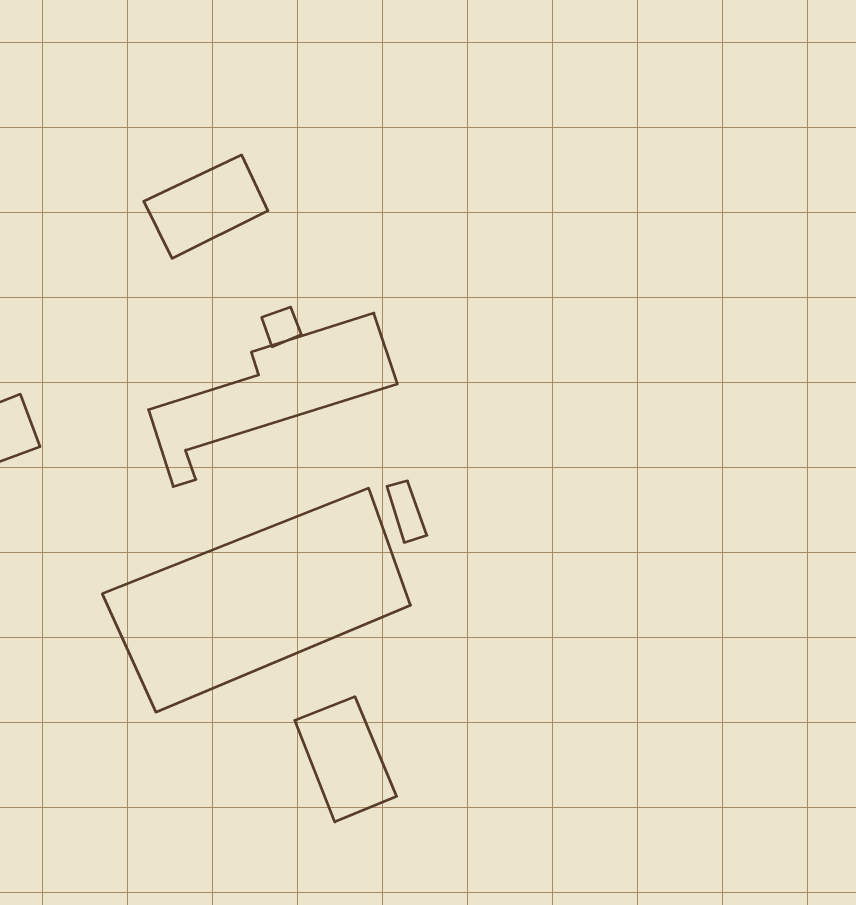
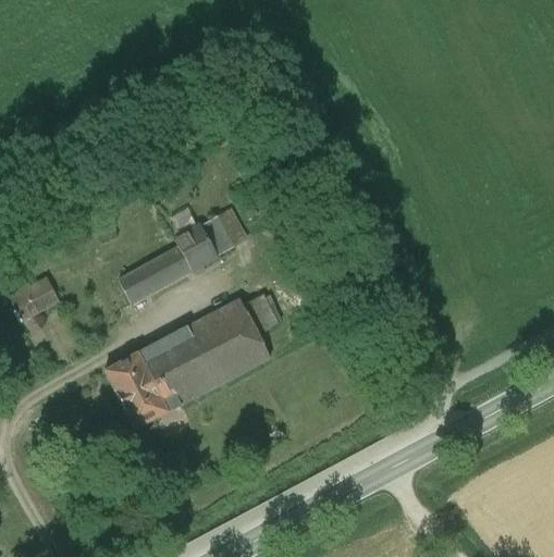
building: [144,155,268,258] -> none
building: [295,697,397,822] -> none

